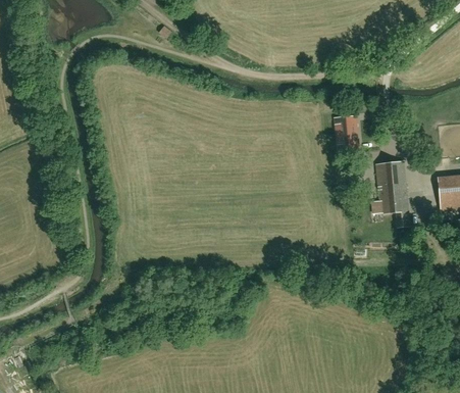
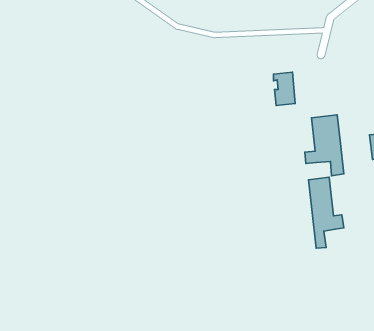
building: none -> [308,177,344,248]

